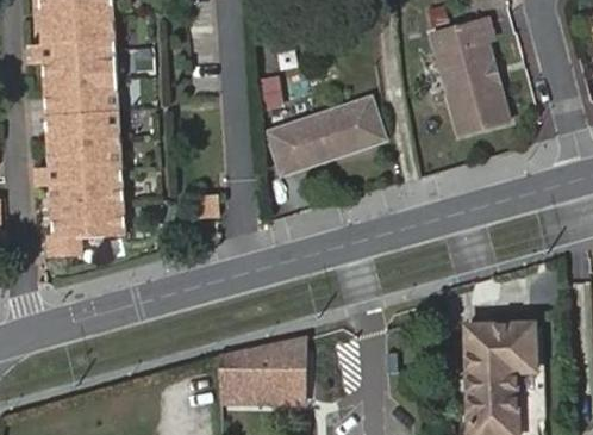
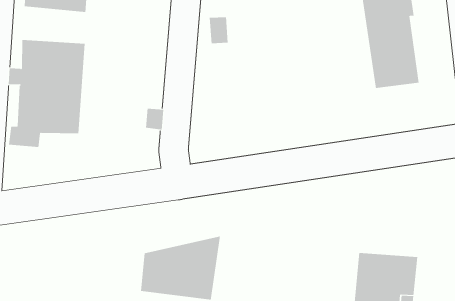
building: [44,89,120,130] -> none
building: [268,100,383,170] -> none

